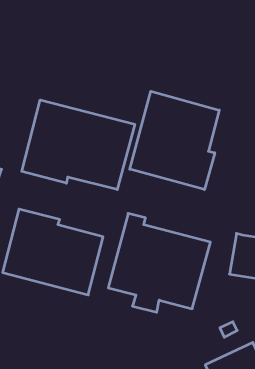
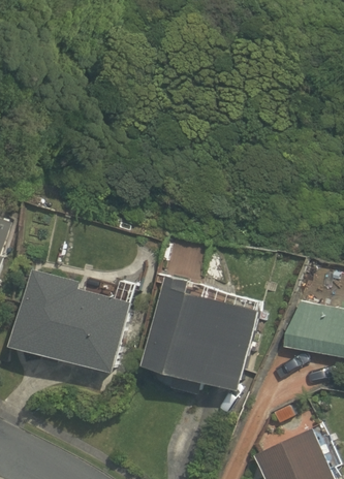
building: [130,91,219,190] -> none
building: [22,100,135,190] -> none

